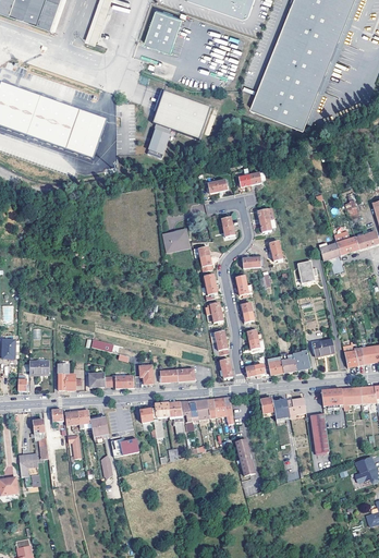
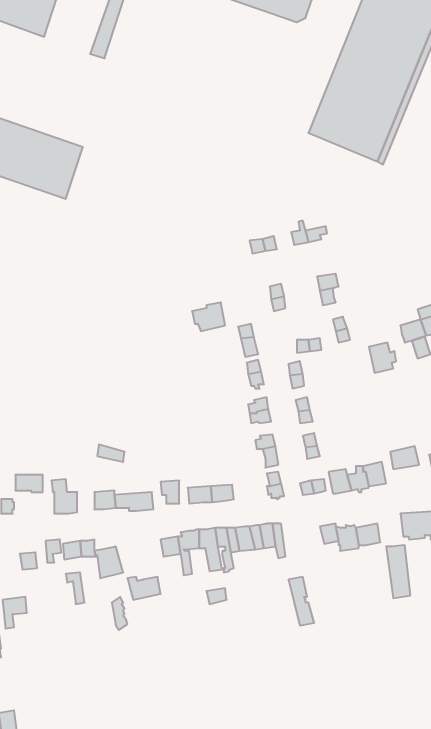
building: [145,9,182,51] -> none
building: [147,92,210,158] -> none
building: [68,112,108,161] -> none

